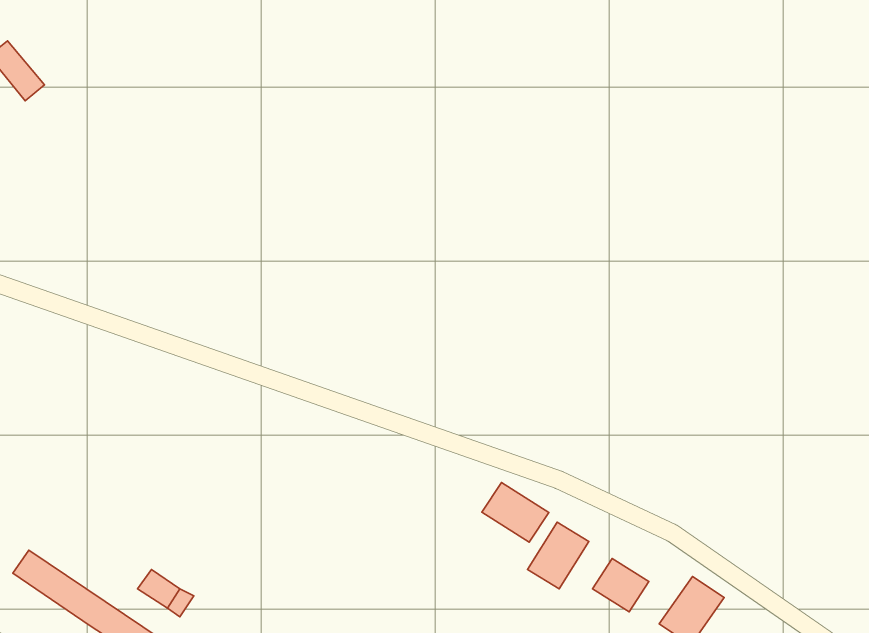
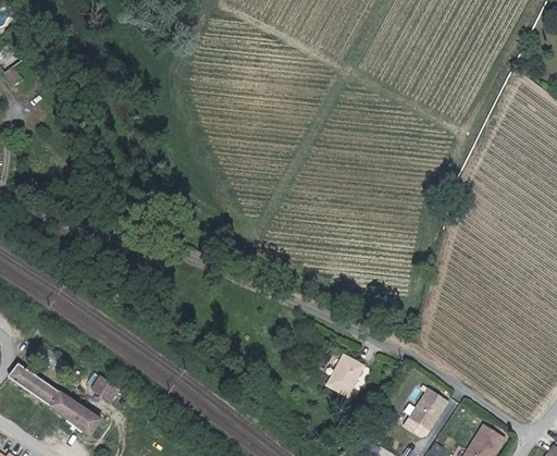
building: [482,483,549,542] -> none
building: [593,558,649,612] -> none

